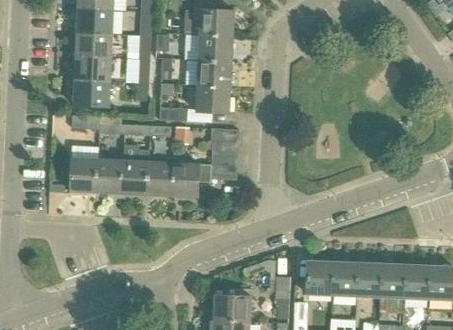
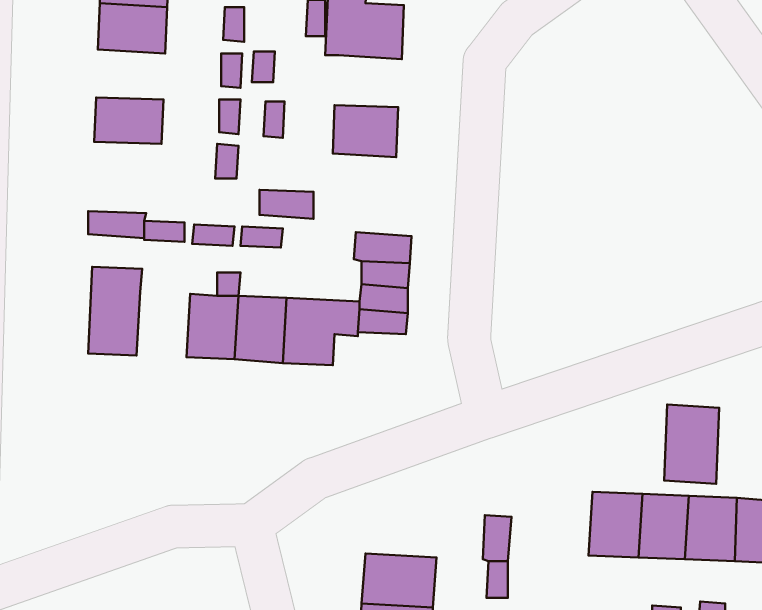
building: [74,33,110,59] -> none
building: [198,36,233,63] -> none
building: [72,81,108,107] -> none
building: [196,87,230,113] -> none
building: [95,159,123,193] -> none
building: none -> [664,404,719,484]
building: [305,262,332,296] -> none

